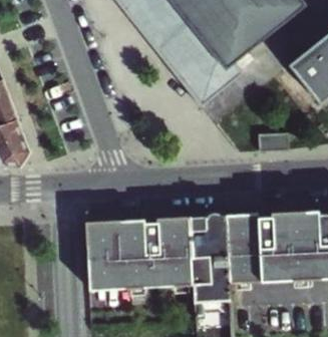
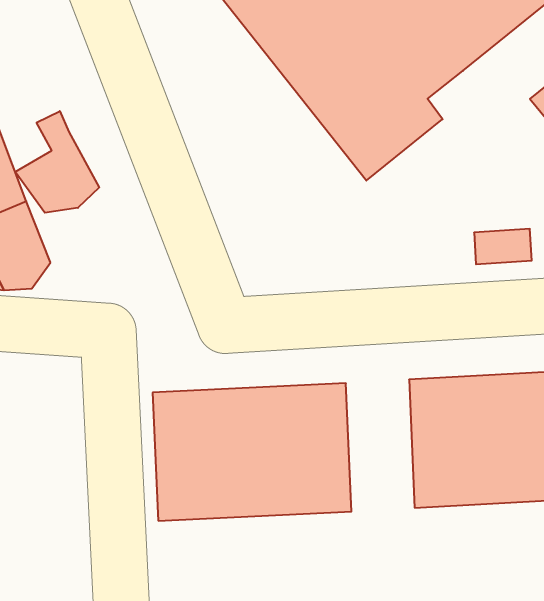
building: none -> [15,111,99,213]
building: [189,215,227,302] -> none

